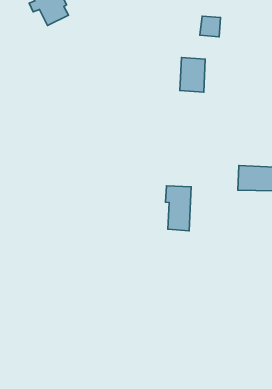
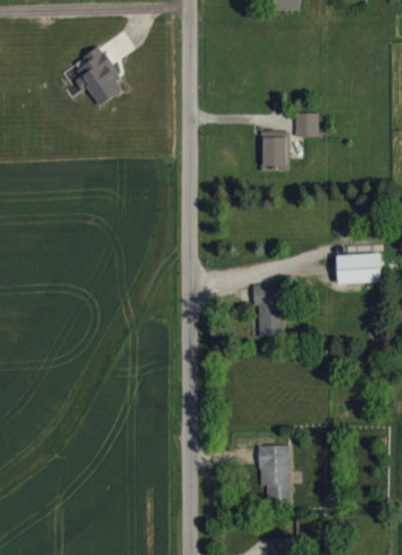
building: [200,16,221,37] -> [294,112,317,135]
building: none -> [258,445,290,503]

